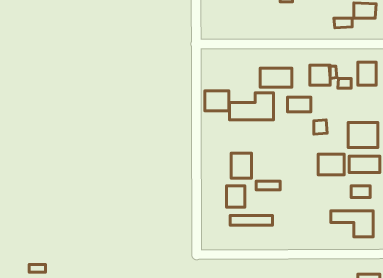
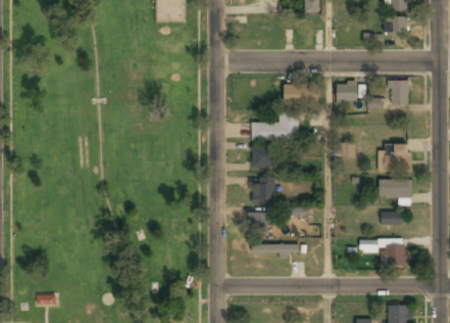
building: [205,91,229,111] -> [251,146,277,168]
building: [287,97,311,112] -> none
building: [318,154,344,175] -> none

